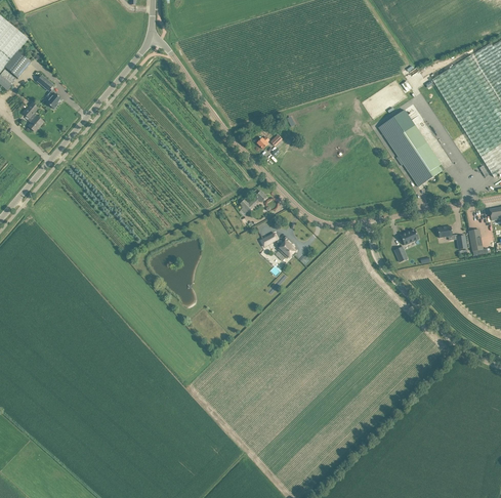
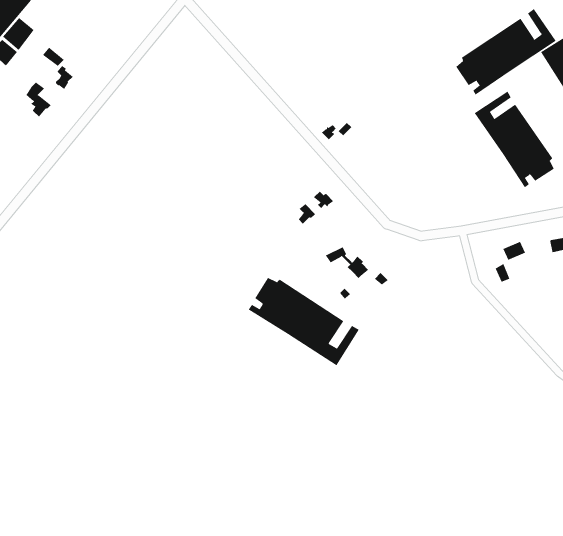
building: none -> [455,8,557,96]
building: none -> [248,277,359,366]

